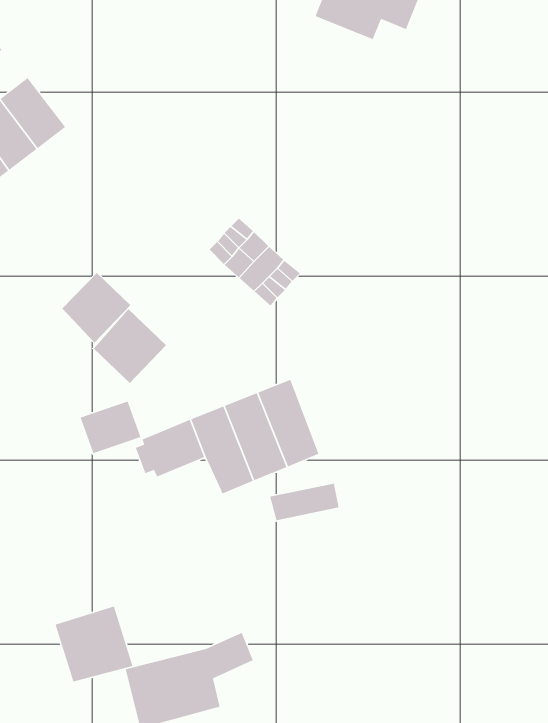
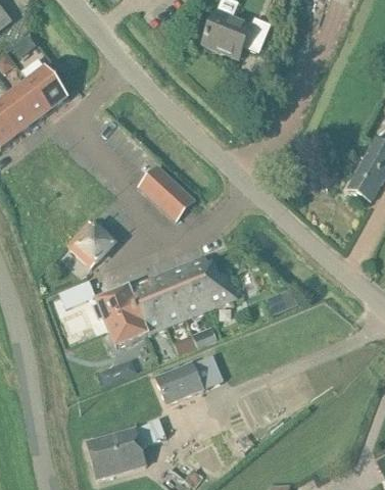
building: none -> [21,58,68,110]
building: [62,272,131,343] -> none
building: none -> [189,256,236,309]
building: none -> [107,311,147,346]
building: none -> [154,353,224,403]
building: [55,605,134,683] -> none

